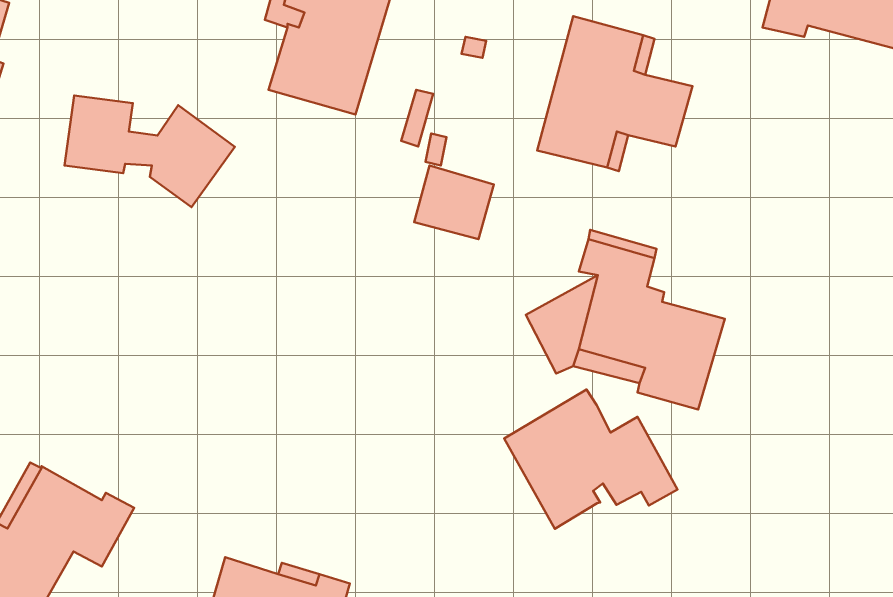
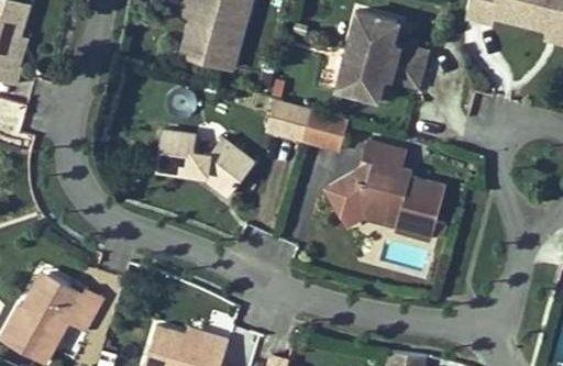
building: [65,96,235,207] -> [155,131,254,196]
building: none -> [302,109,349,151]
building: [504,389,678,529] -> none

